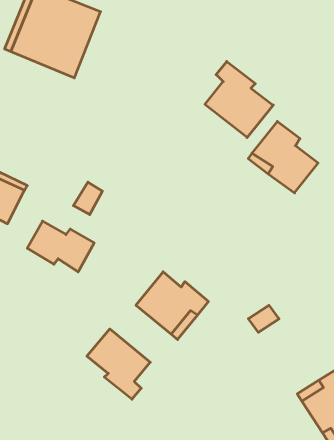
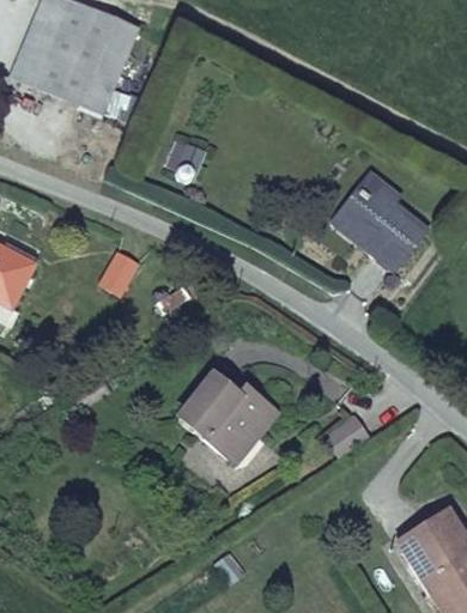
building: [205,61,273,138] -> none
building: [27,221,94,272] -> none
building: [87,329,150,399] -> none

